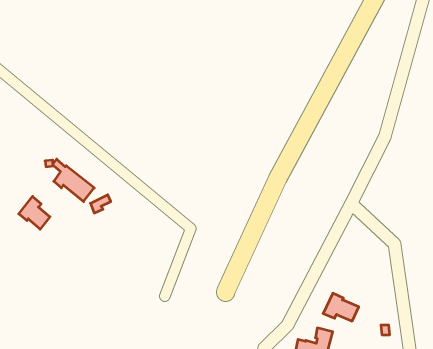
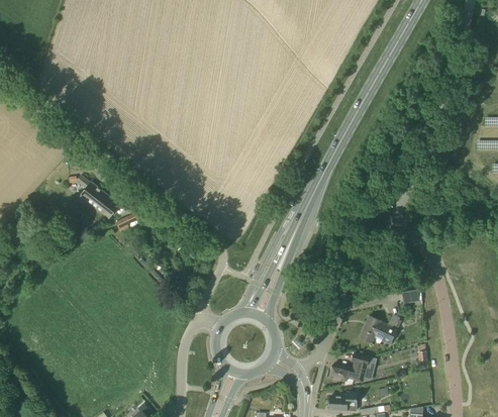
building: [19,196,50,229] -> none

